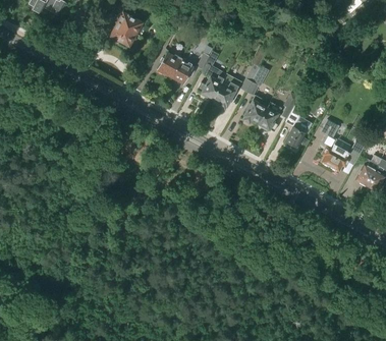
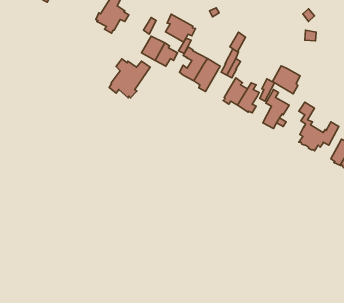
building: none -> [165,14,195,42]
building: none -> [109,59,150,98]
building: none -> [272,66,300,94]

